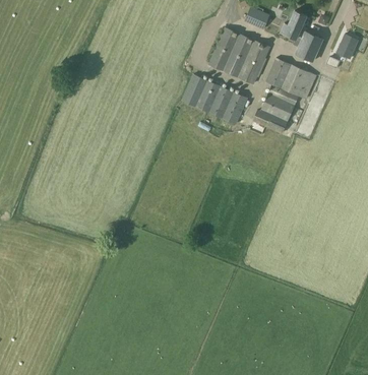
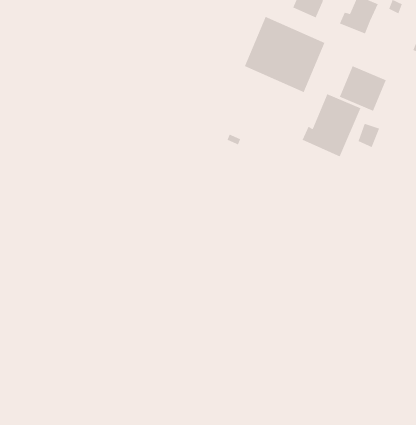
building: [295,30,323,62] -> none
building: [265,58,291,88] -> none
building: [182,71,248,125] -> none

